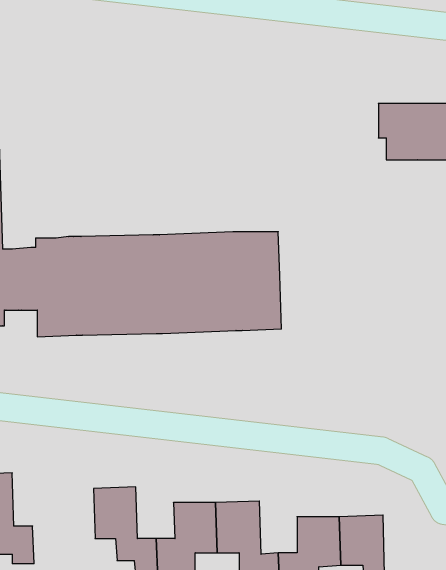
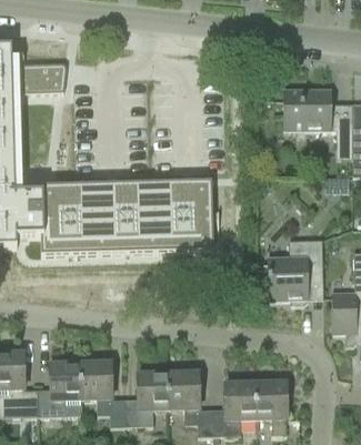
building: none -> [19,62,66,92]
building: none -> [267,237,322,304]
building: none -> [37,362,81,415]

